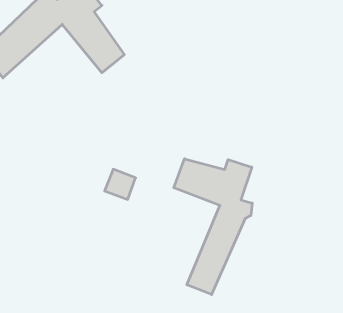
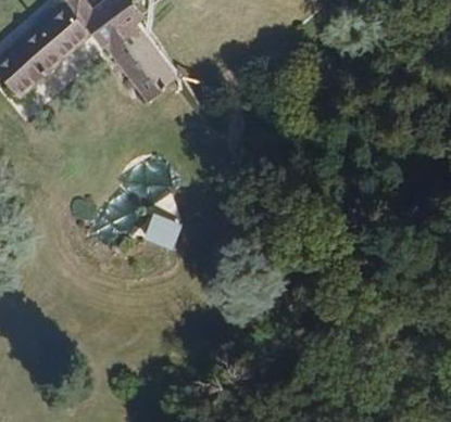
building: [174,159,252,295] -> none

